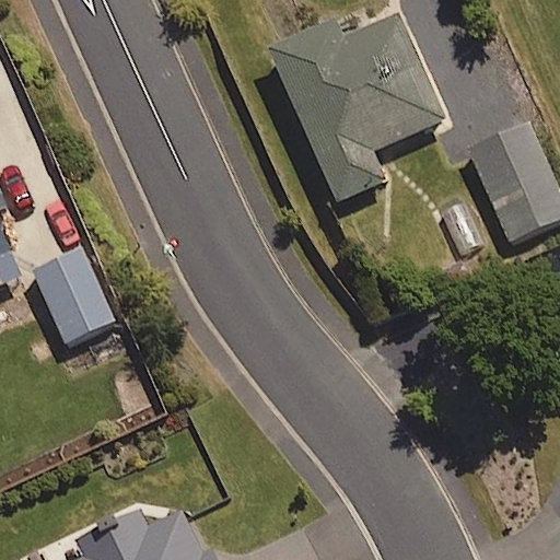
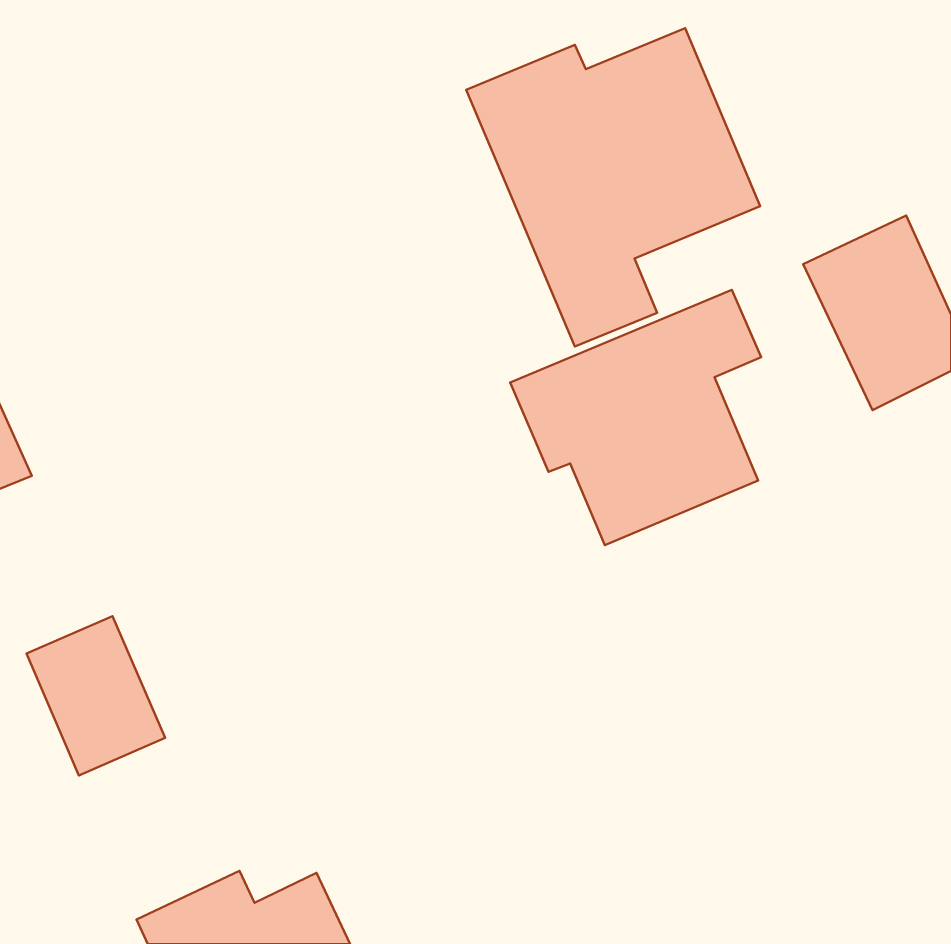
building: none -> [510,290,761,545]
building: [32,250,113,343] -> [26,616,165,775]

